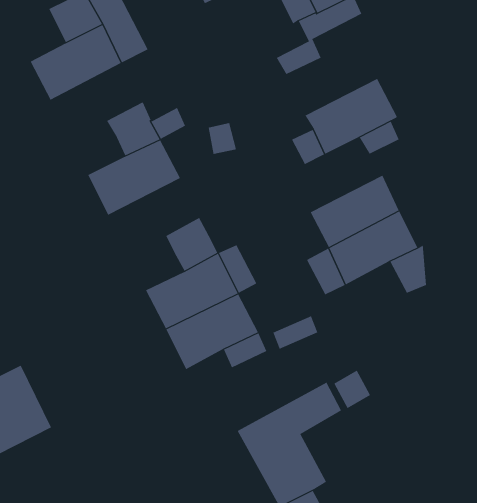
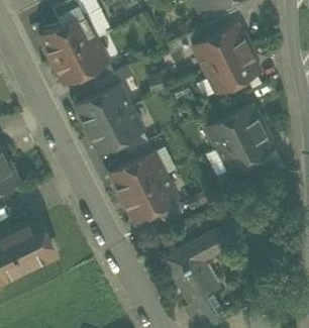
building: none -> [194,25,248,71]
building: none -> [54,39,108,85]
building: none -> [88,108,142,153]

